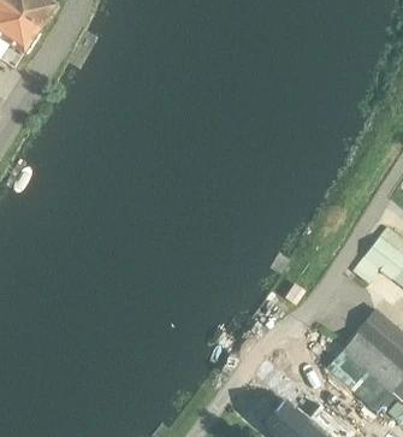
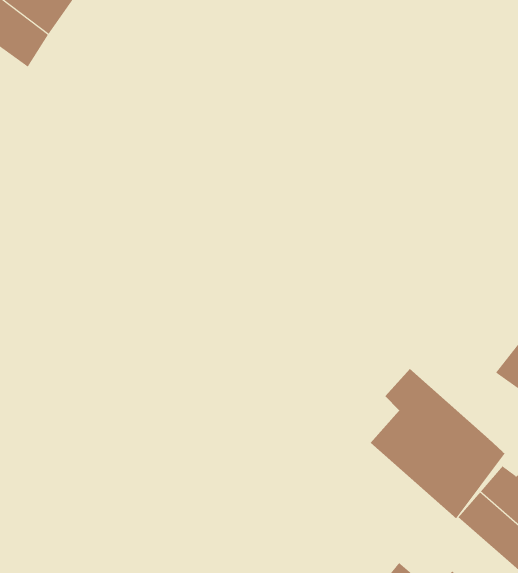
building: none -> [370,368,505,519]

